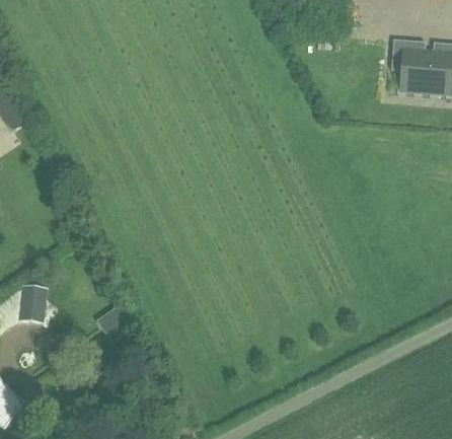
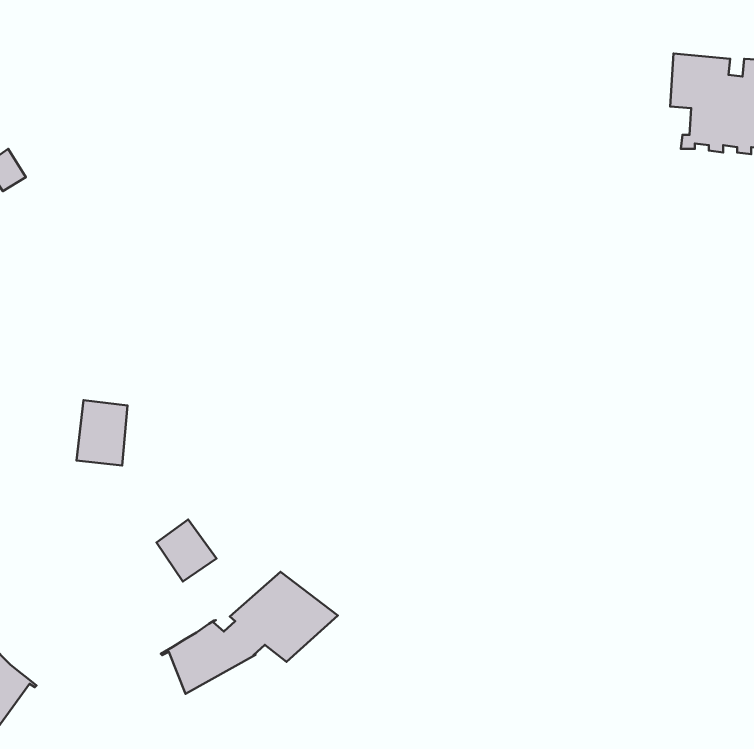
building: [18,286,48,323] -> [76,400,128,466]
building: none -> [161,572,338,694]

